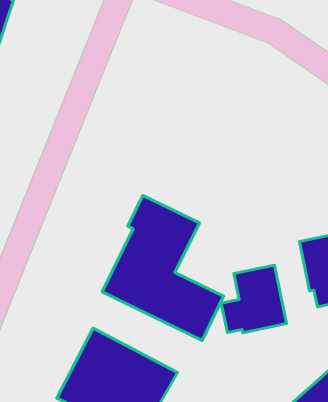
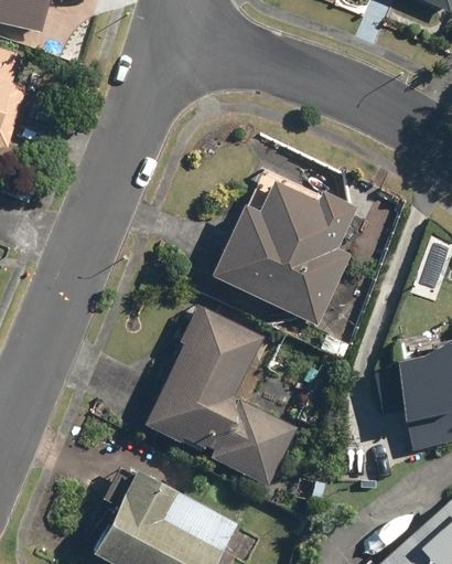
building: none -> [211,183,357,326]
building: [221,265,286,333] -> none

